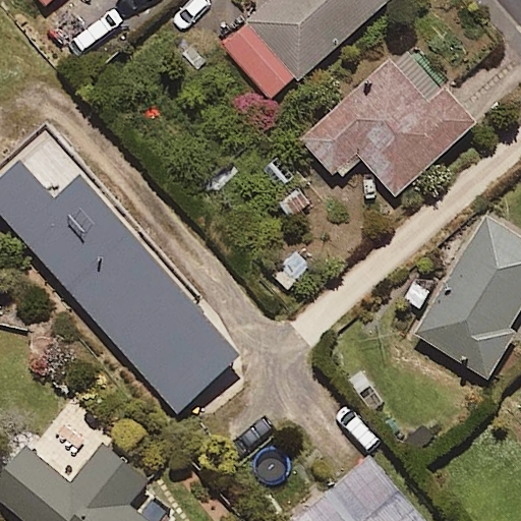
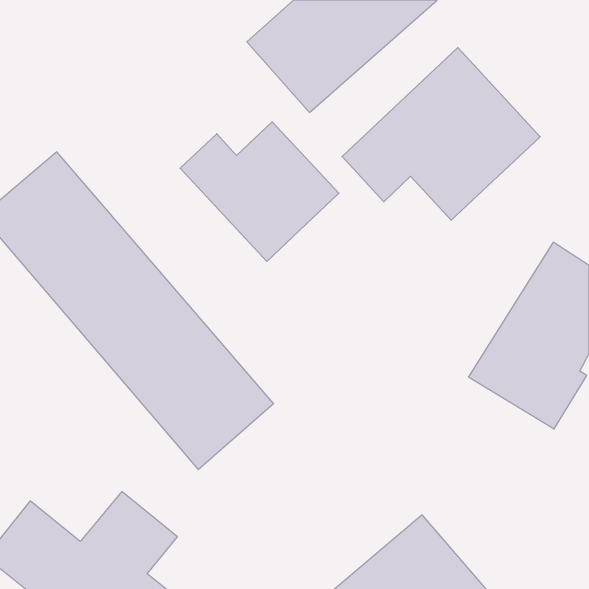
building: none -> [180,122,339,261]

